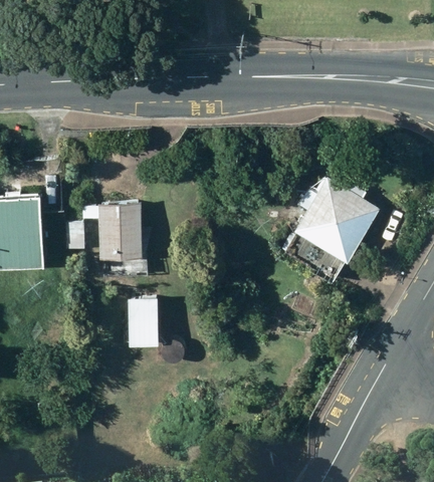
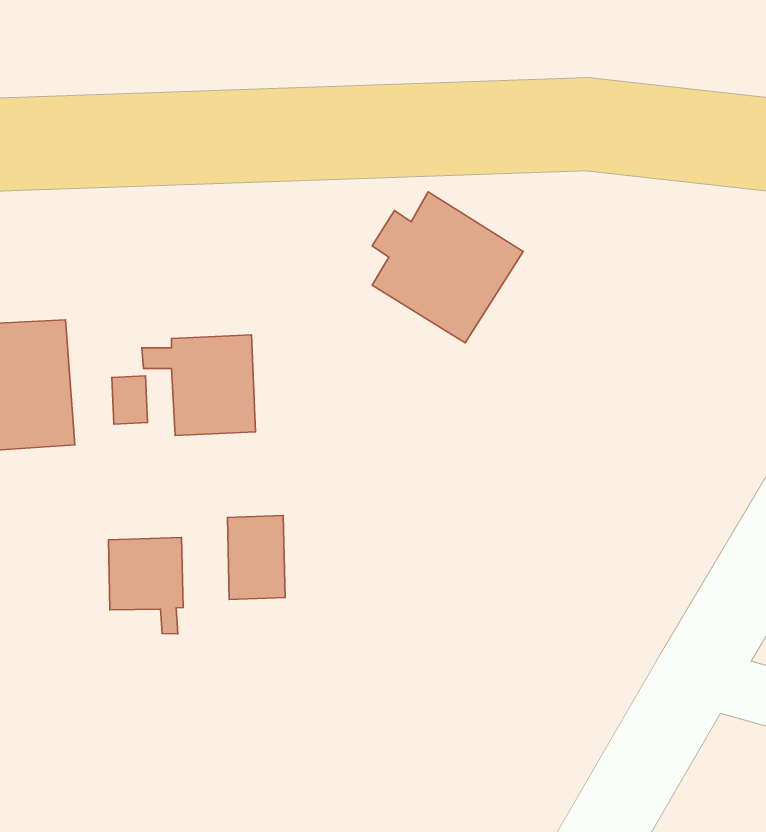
building: [297,179,379,260] -> [372,192,523,343]
building: none -> [108,537,183,634]

